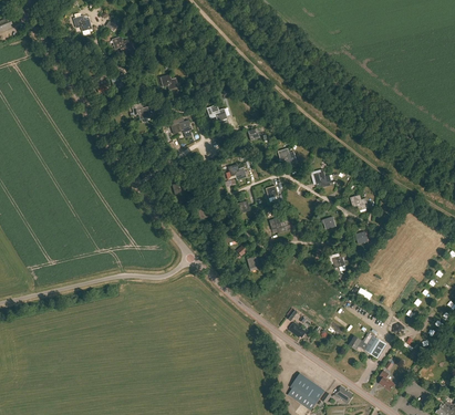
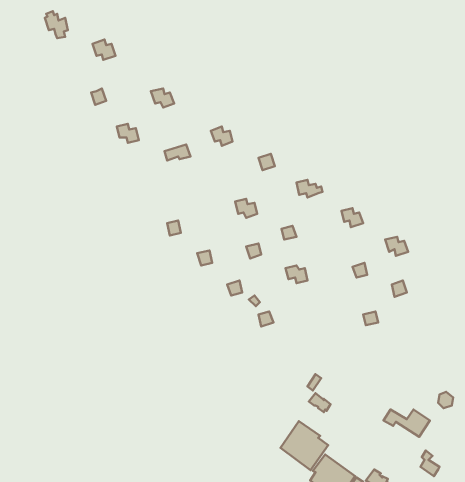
building: none -> [281,421,328,470]

